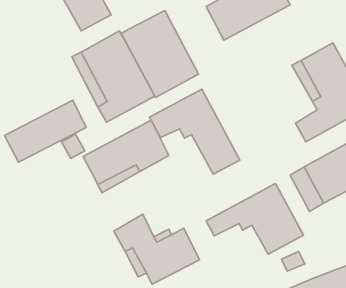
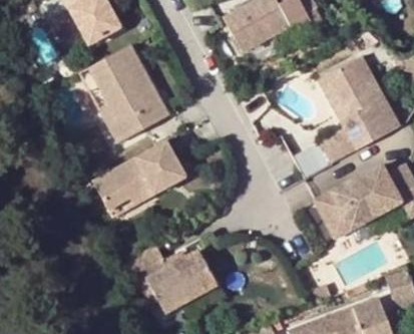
building: [121,10,198,97] -> none
building: [149,89,240,174] -> none
building: [4,100,86,162] -> none
building: [206,184,303,254] -> none

